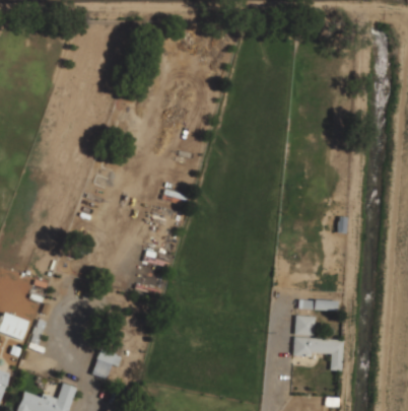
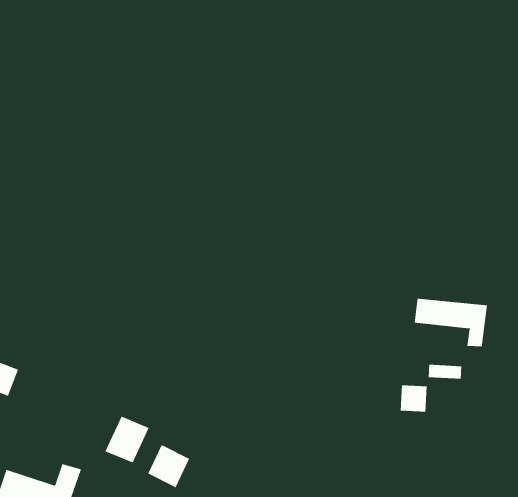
building: [293,337,344,368] -> [414,298,488,347]
building: none -> [148,444,190,488]

